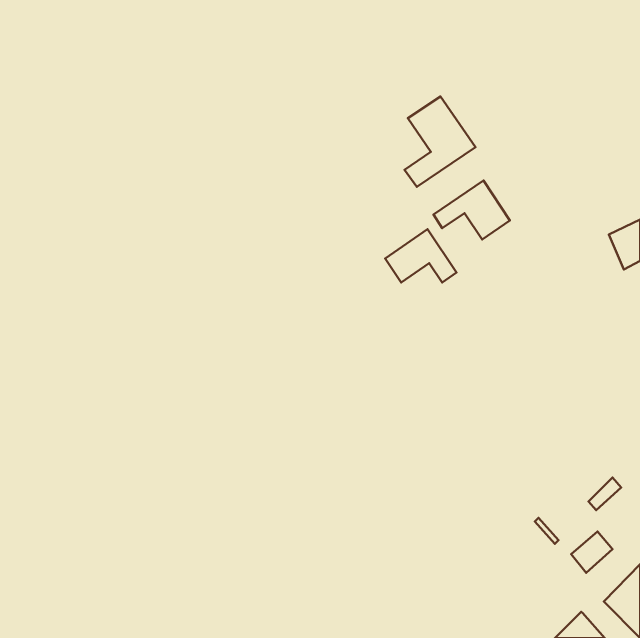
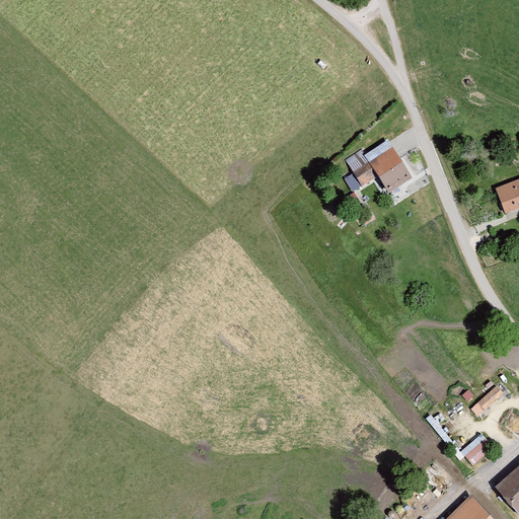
building: [405,96,476,187] -> none
building: [385,229,457,283] -> none

